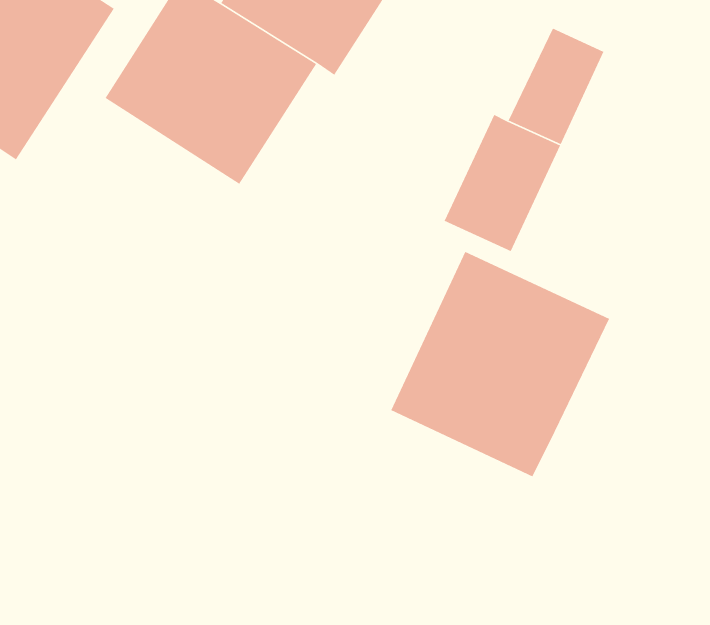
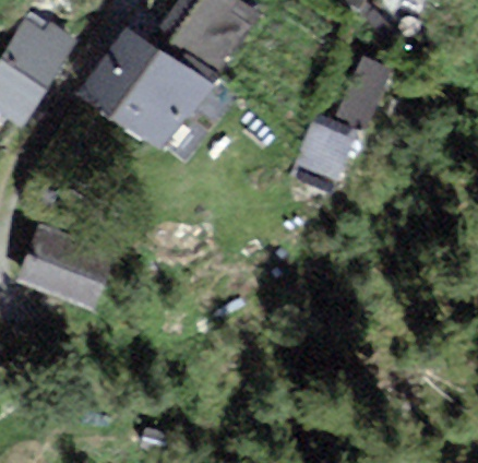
building: [390,251,610,477] -> none
building: none -> [23,225,110,304]

